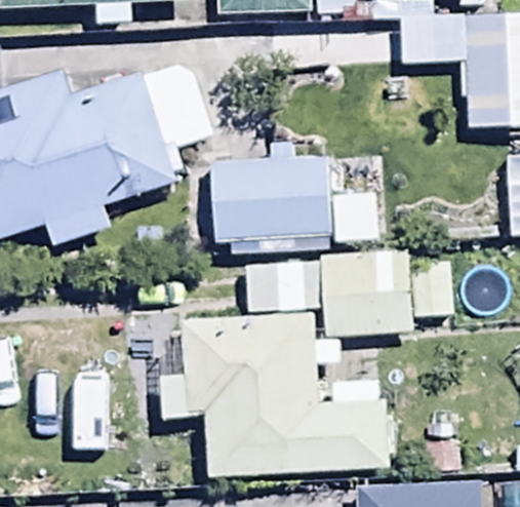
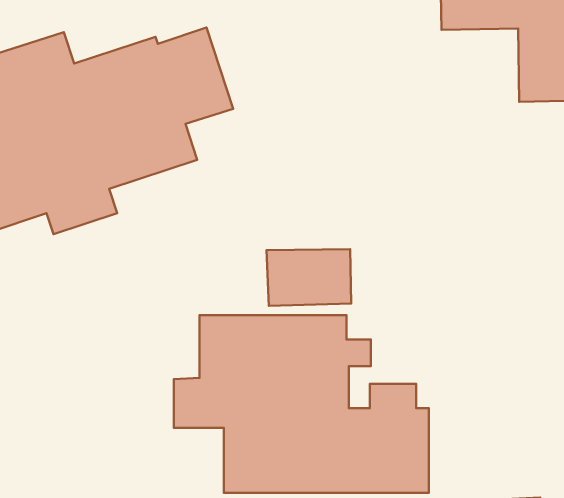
building: [209,142,377,250] -> none
building: [325,254,449,334] -> none

